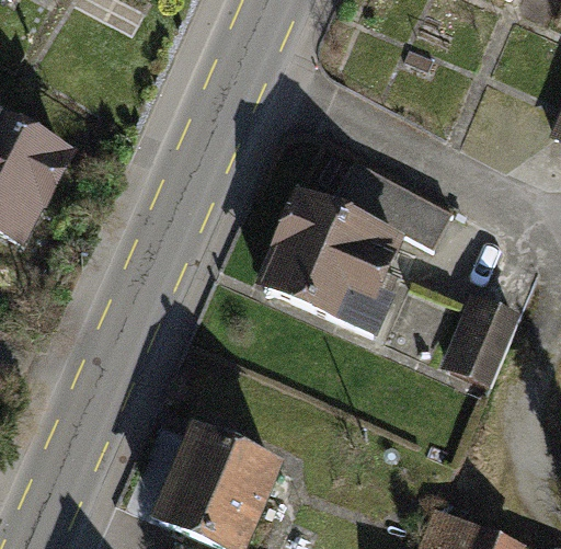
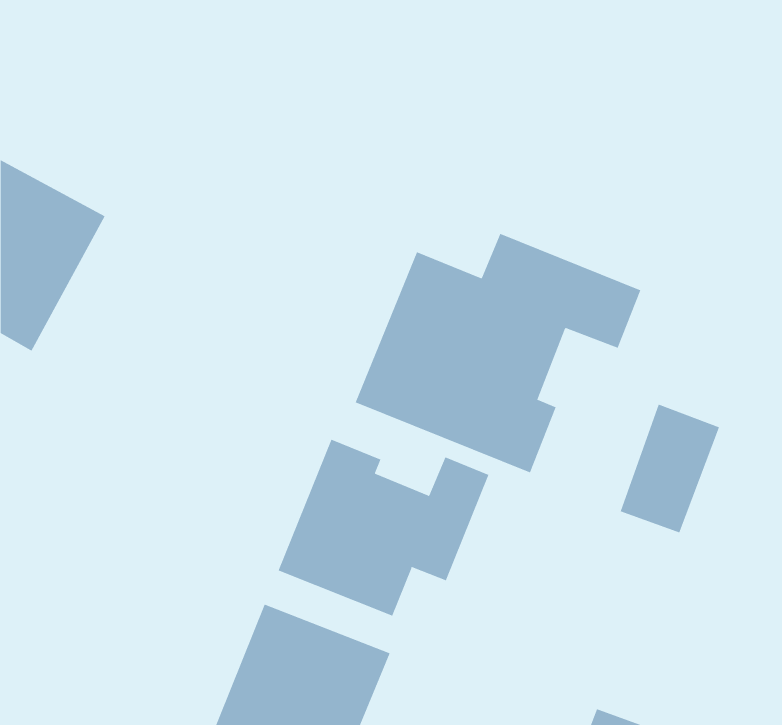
building: none -> [278,439,489,616]

